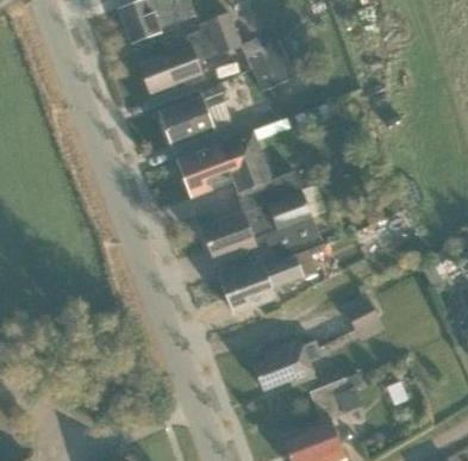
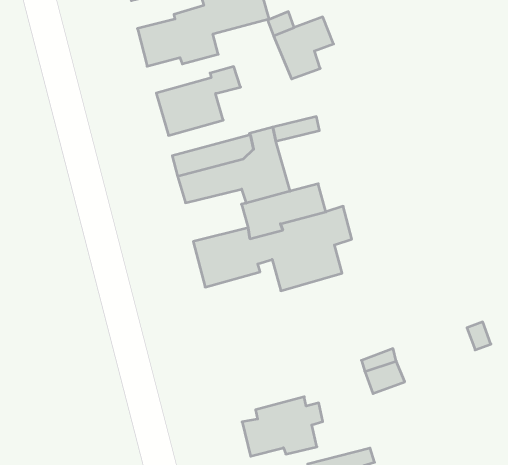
building: [220,251,316,312] -> none

